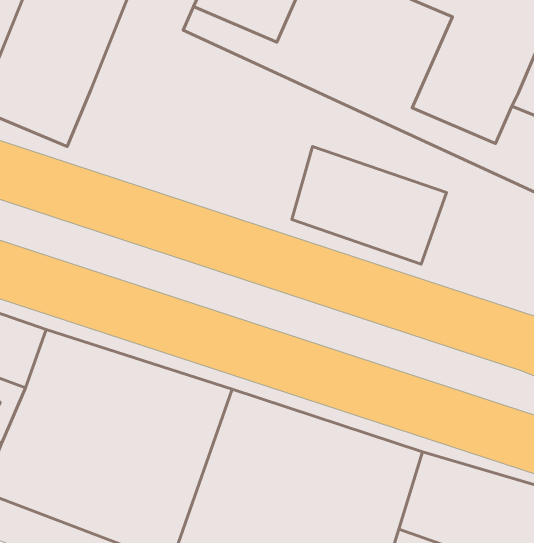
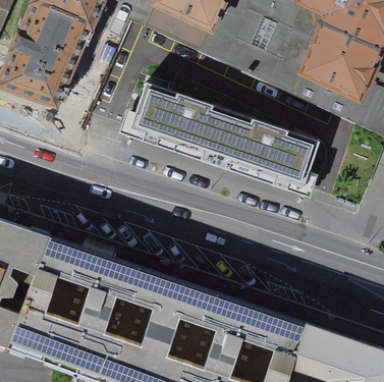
building: none -> [126,79,231,159]

